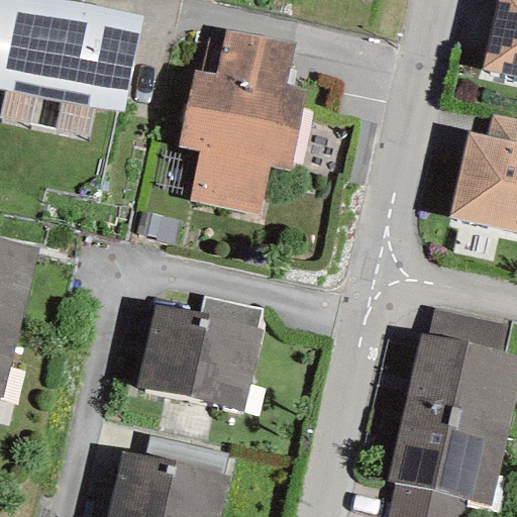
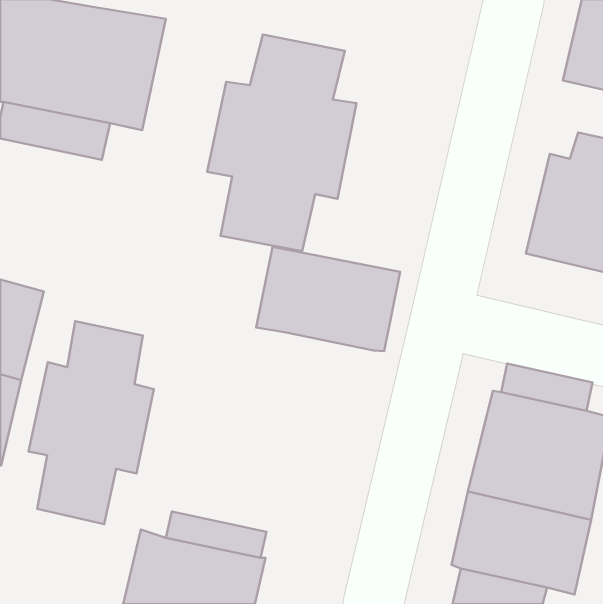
building: none -> [256,247,400,351]
building: none -> [28,321,154,524]
building: [136,297,263,410] -> none

